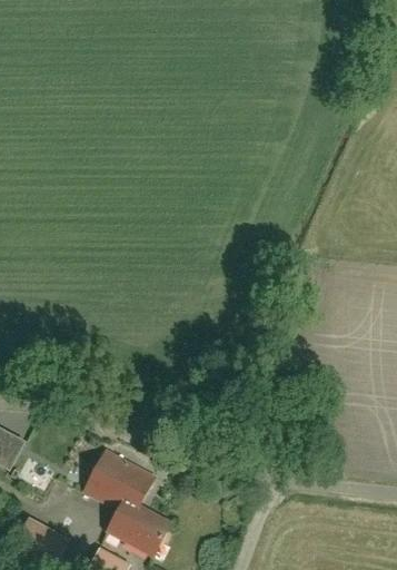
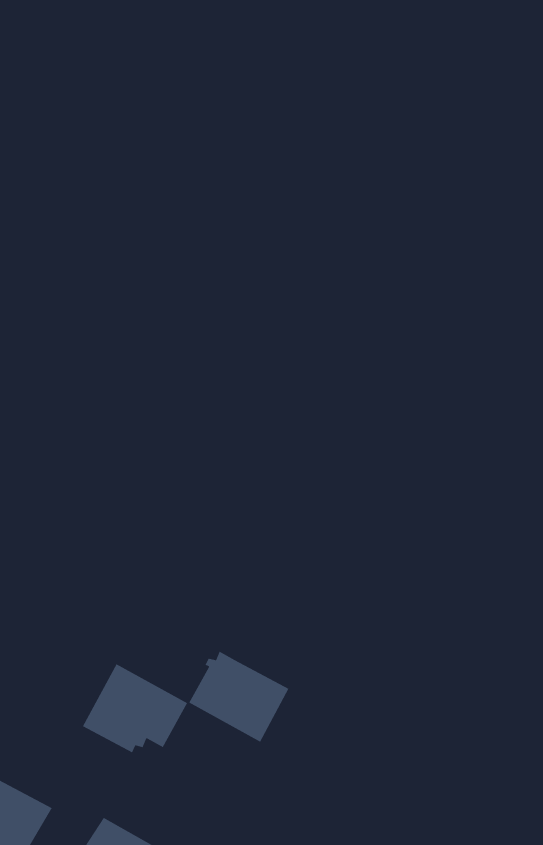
building: [108,498,170,554] -> [188,651,289,743]

